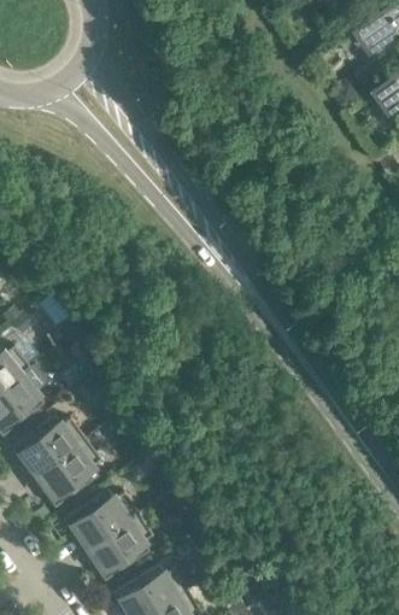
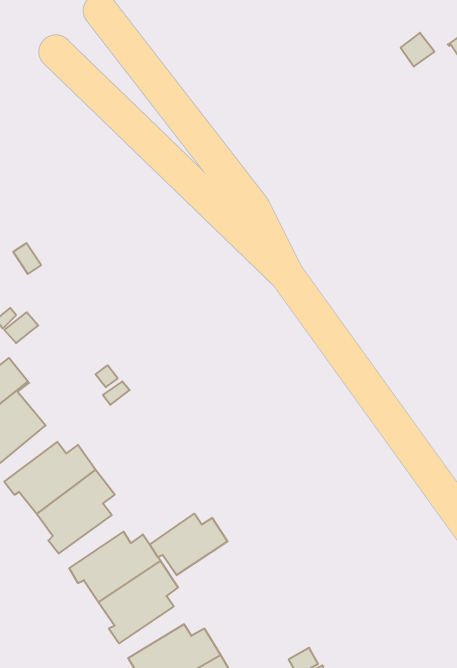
building: none -> [150,514,228,575]

